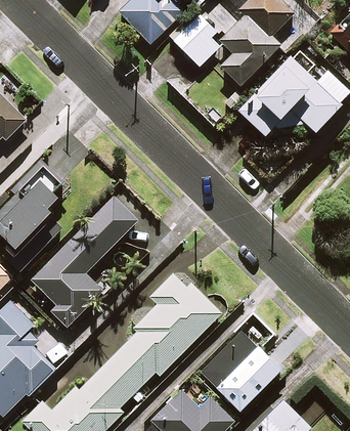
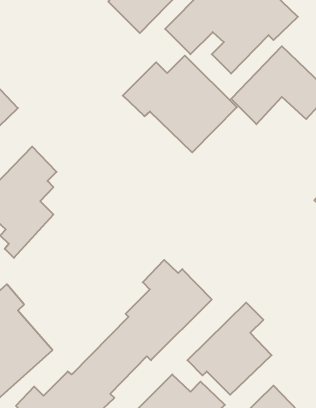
building: none -> [123,56,237,152]
building: [32,198,137,328] -> none

